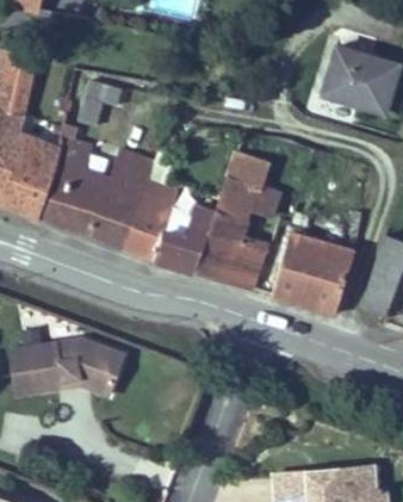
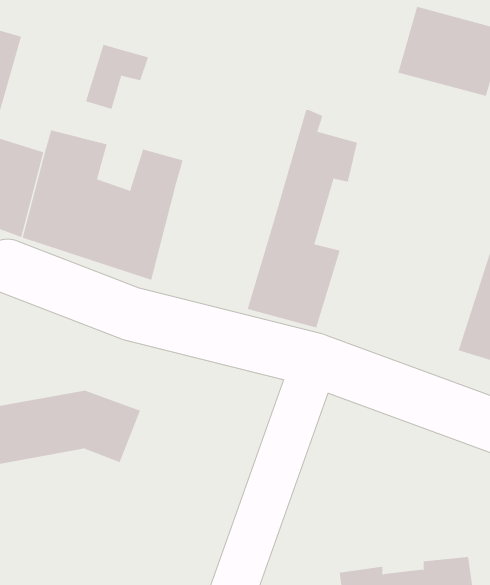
building: [134,181,225,277] -> none
building: [273,231,352,311] -> none

